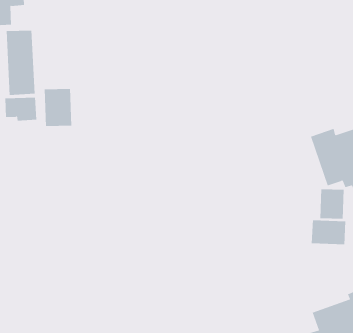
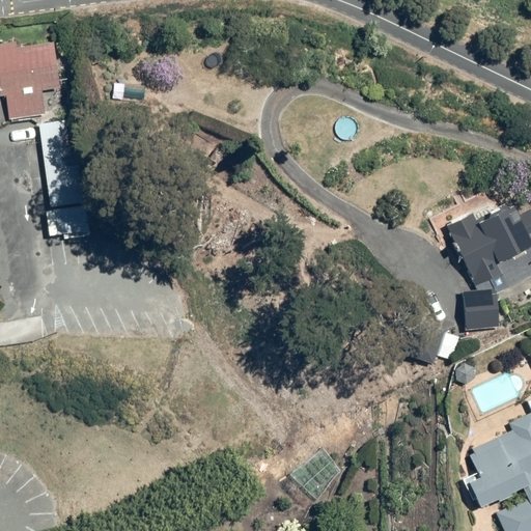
building: [44,88,72,127] -> none
building: [311,220,346,245] -> none

